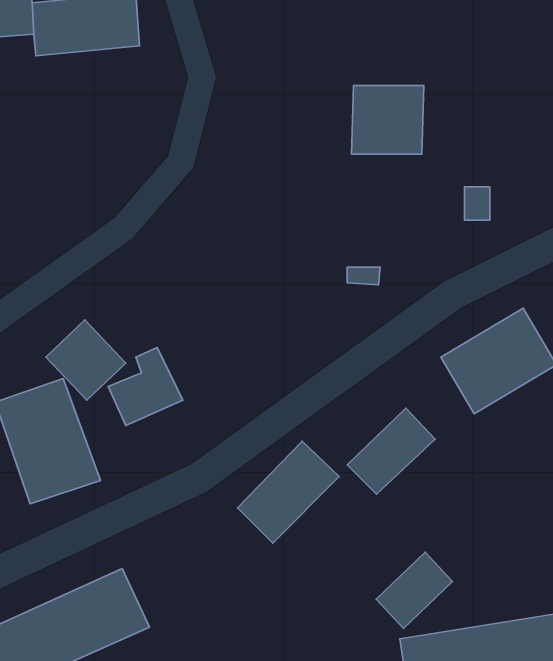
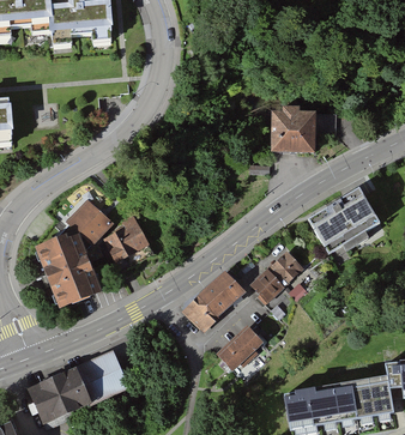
building: [352,86,424,154] -> [271,113,315,155]
building: [376,552,453,629] -> [218,325,265,371]

